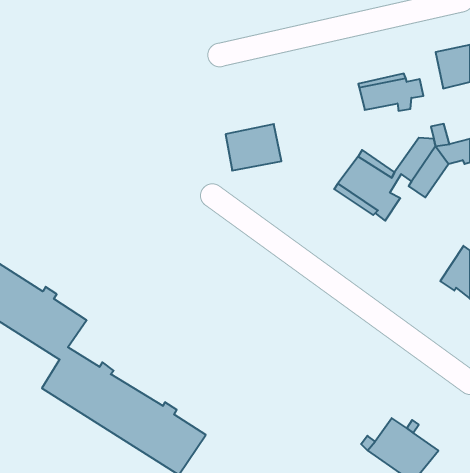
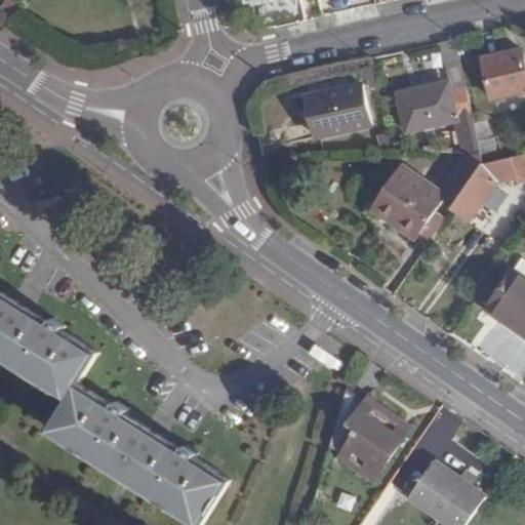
building: [226,124,281,171] -> [306,87,367,138]
building: none -> [327,391,406,480]

